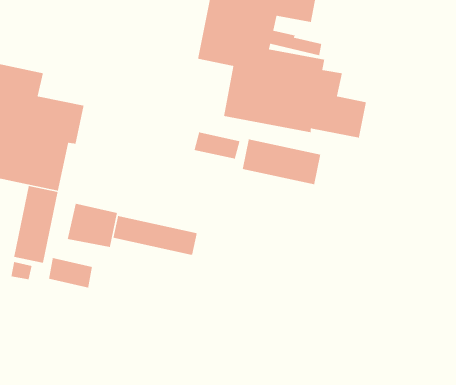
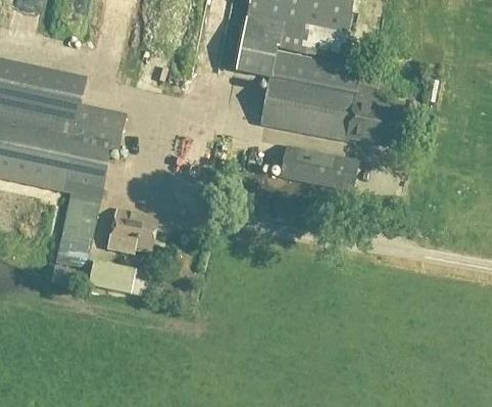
building: [194,132,241,160] -> none
building: [113,215,198,256] -> none

